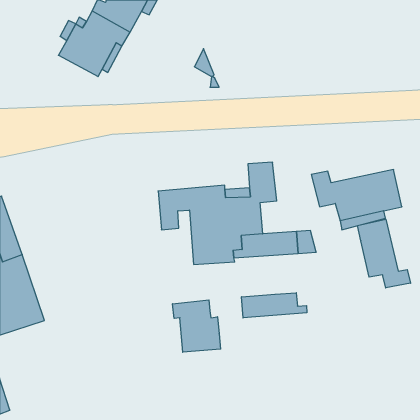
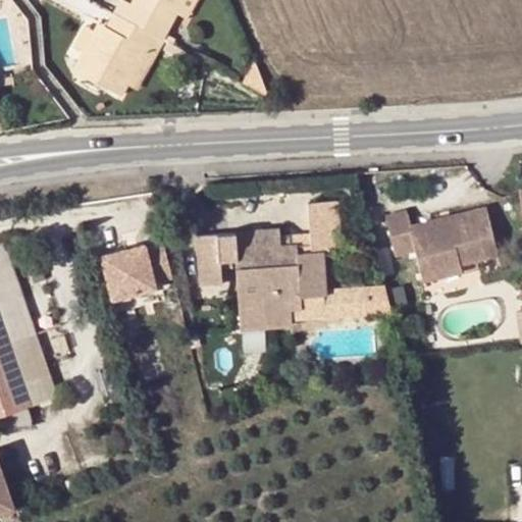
building: none -> [90,240,159,297]
building: [358,219,411,288] -> none
building: [242,293,307,318] -> none
building: [173,300,221,352] -> none

